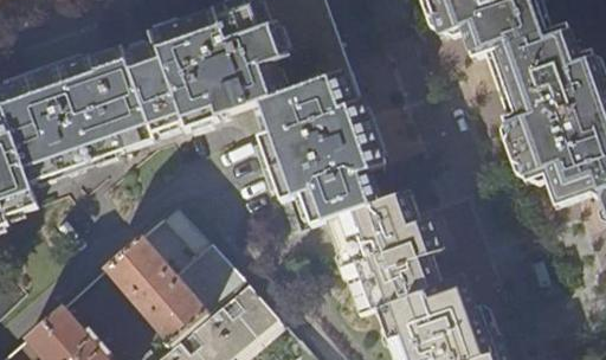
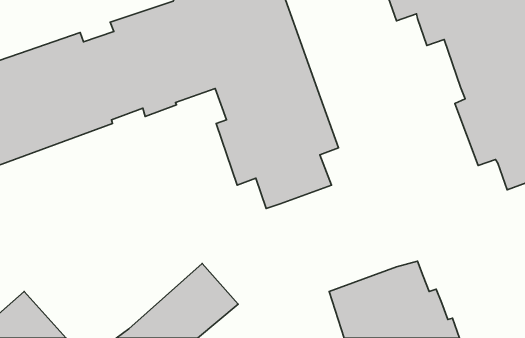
building: [322,188,440,313] -> none
building: [103,205,243,346] -> none

